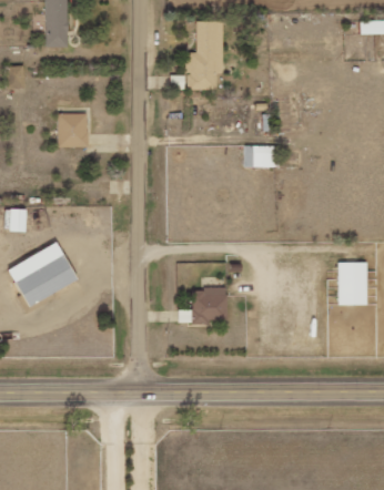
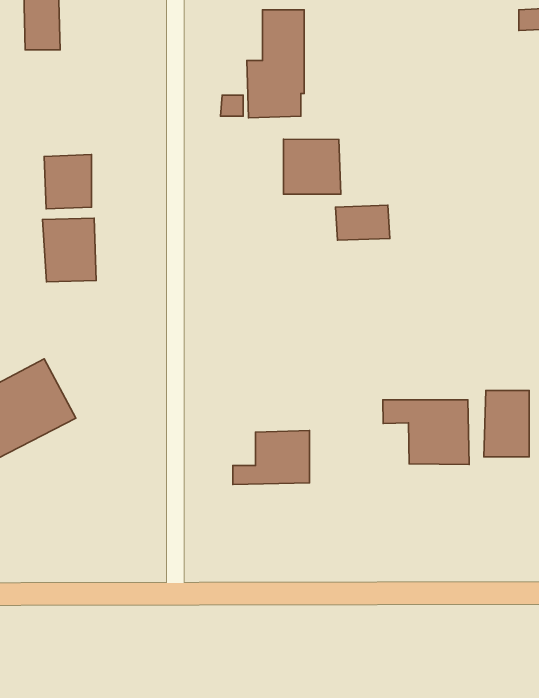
building: none -> [284,139,341,194]
building: none -> [43,218,96,282]
building: none -> [383,400,469,465]

